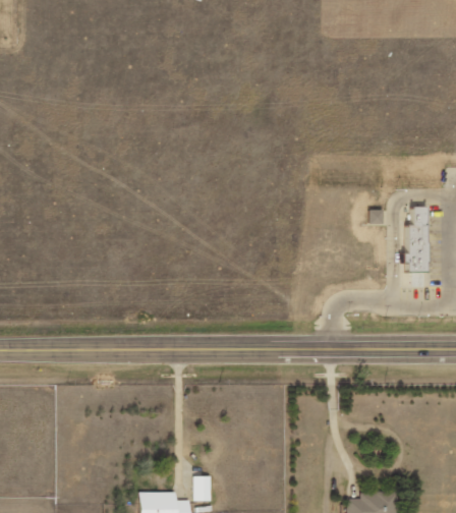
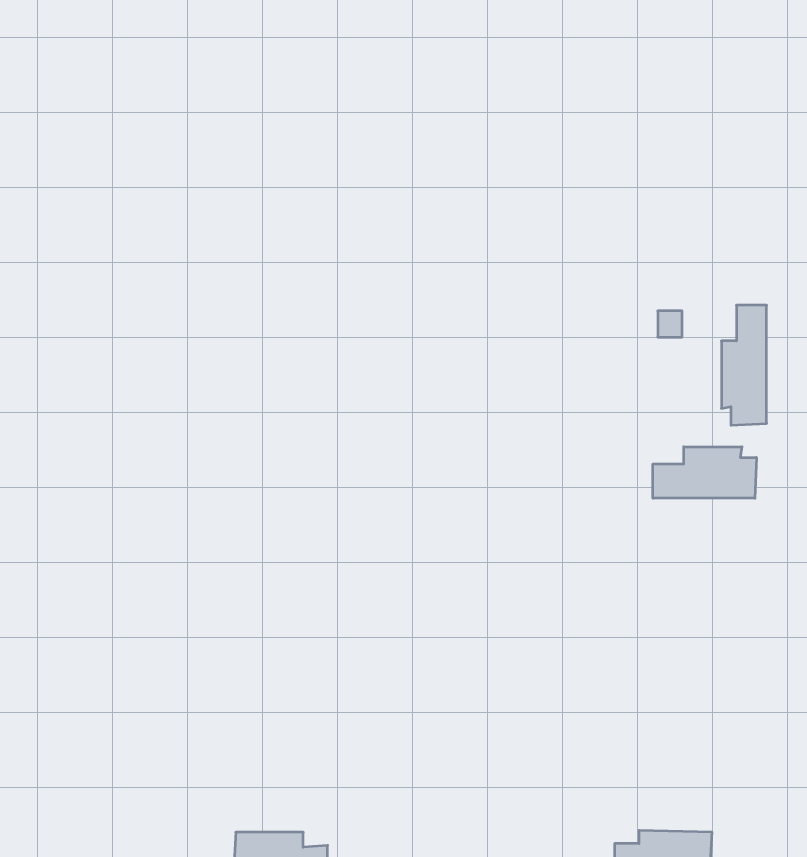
building: none -> [653,447,756,498]
building: [193,476,211,502] -> none

